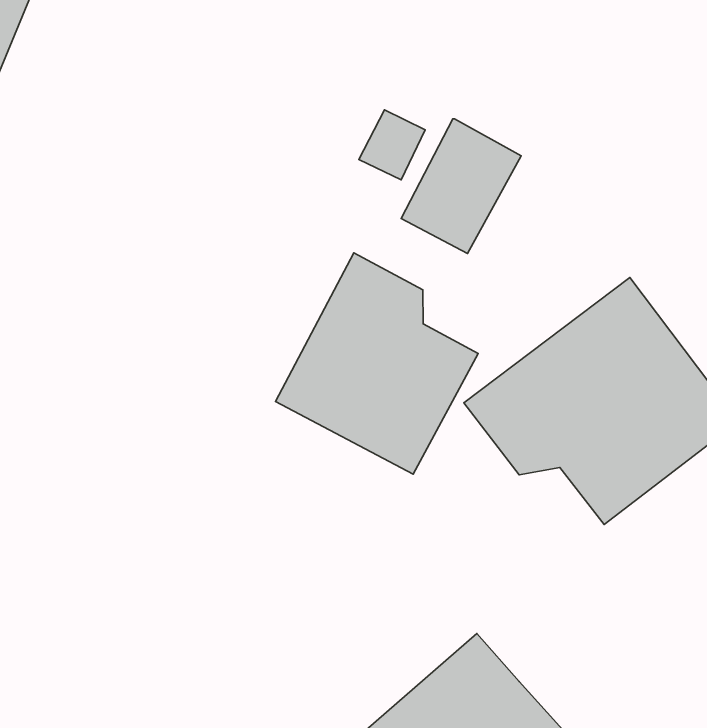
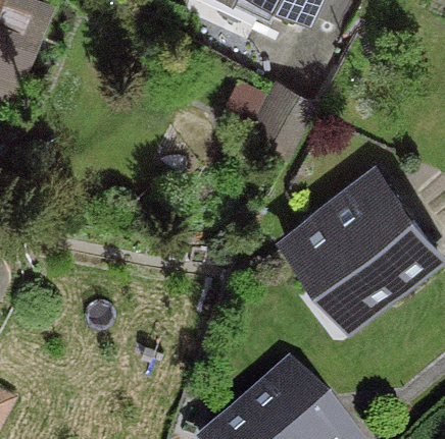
building: [275,253,478,474] -> none

